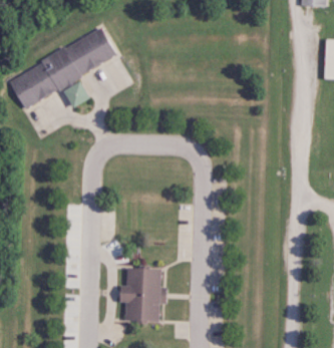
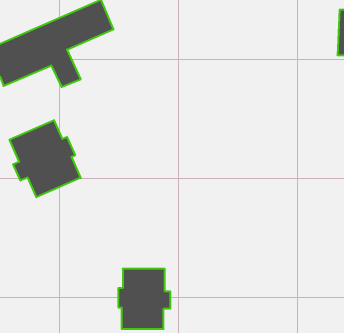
building: none -> [10,120,81,197]

